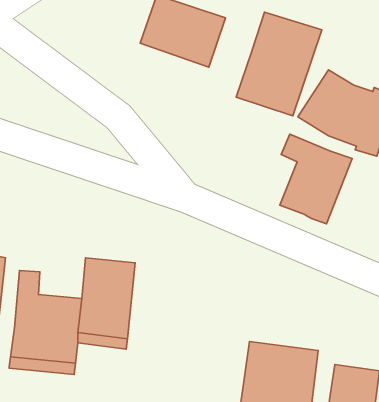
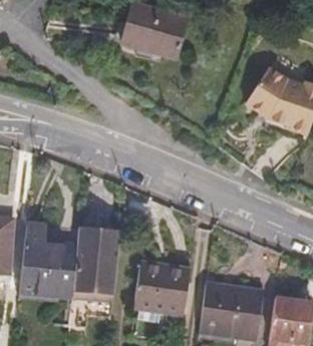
building: [236,12,322,116] -> none
building: [280,134,352,224] -> none
building: none -> [135,262,192,311]

